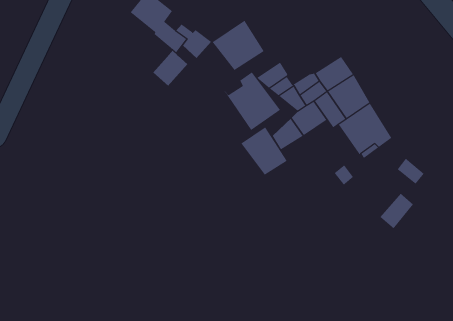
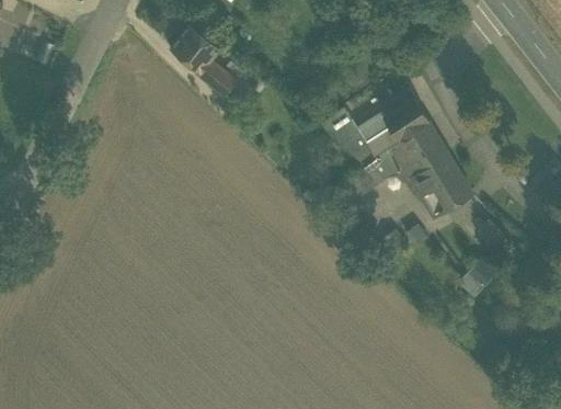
building: [212,20,264,71] -> none
building: [152,50,188,87] -> none
building: [223,72,281,131] -> none
building: [241,127,288,176] -> none

